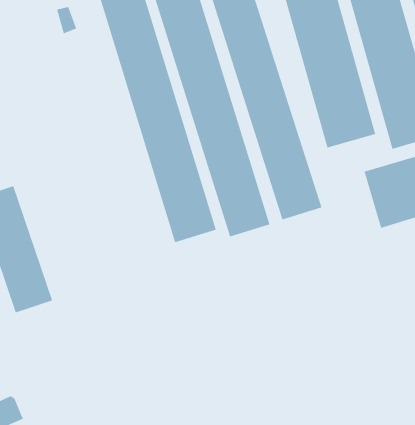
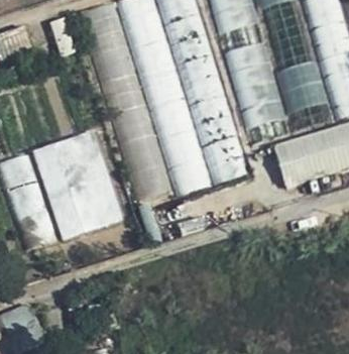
building: none -> [35,129,123,237]

